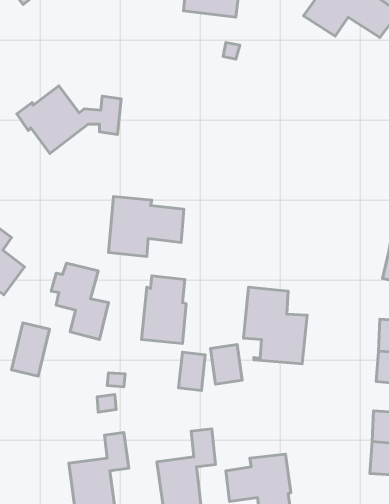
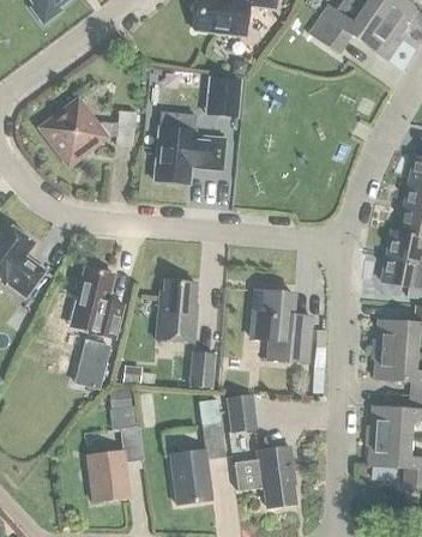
building: none -> [204,74,242,117]
building: [109,197,184,256] -> [153,126,224,182]
building: [11,323,50,376] -> [74,339,110,390]
building: [210,345,242,384] -> [227,393,257,430]

